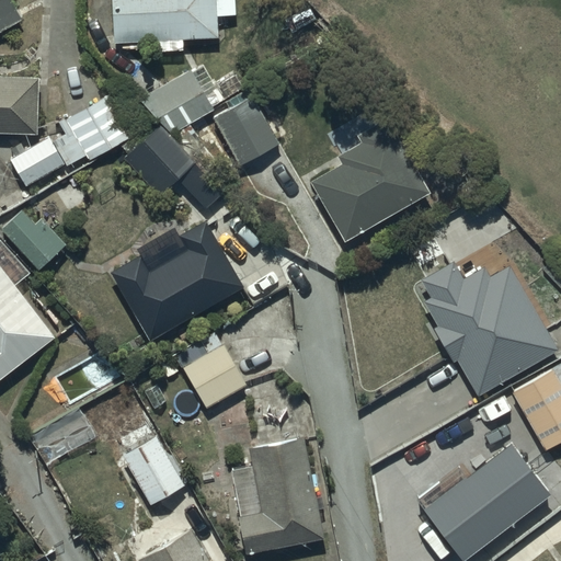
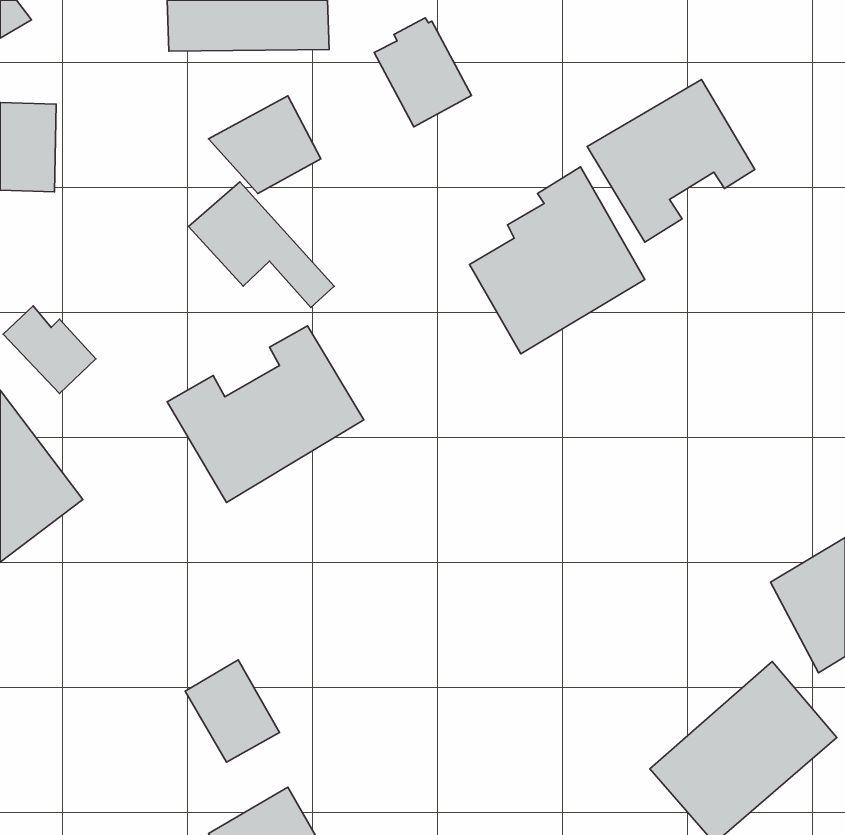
building: none -> [587,79,755,242]
building: [213,93,277,165] -> [374,18,472,127]
building: [11,95,131,186] -> none
building: [419,262,556,394] -> none
building: [181,333,245,409] -> none
building: [230,435,323,553] -> none

